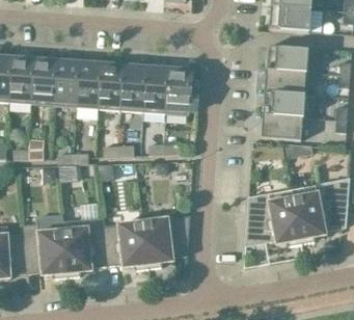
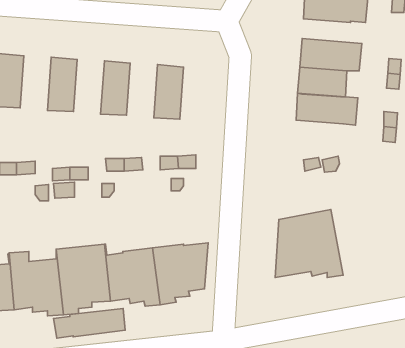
building: [30,59,56,105] -> none
building: [75,62,101,108] -> none
building: [119,65,145,111] -> none
building: [164,69,197,114] -> none
building: [260,113,301,139] -> none
building: [291,178,348,243] -> none
building: none -> [53,309,125,338]

